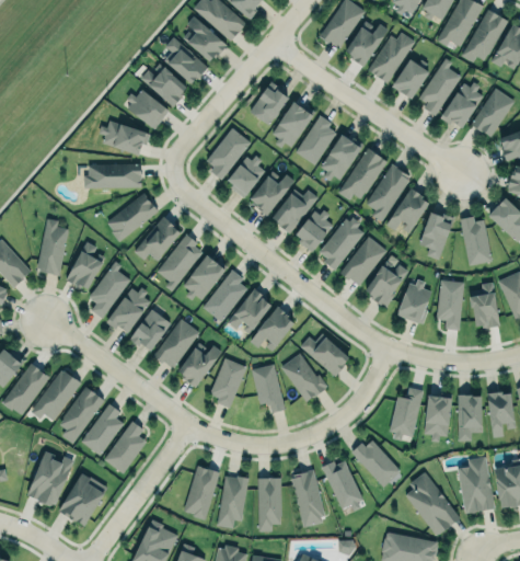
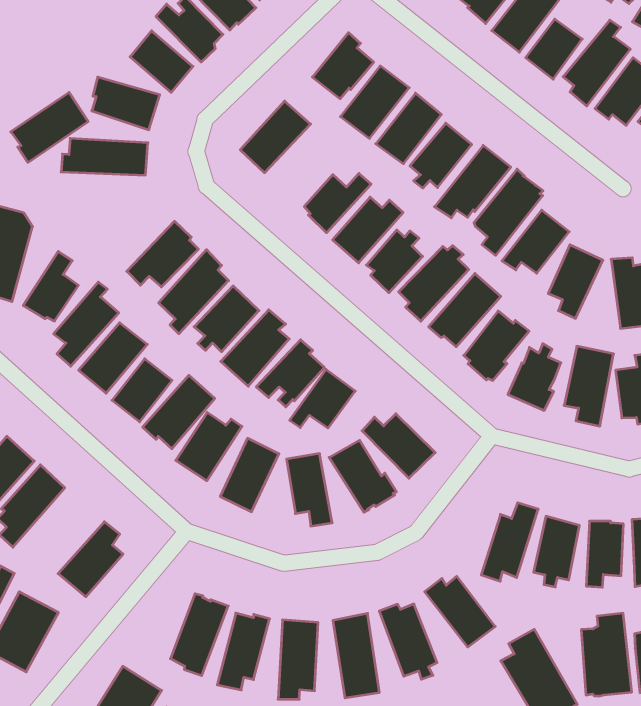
building: [226,154,267,197] -> none
building: [107,192,159,241] -> [11,92,88,162]
building: [81,403,124,455] -> none

